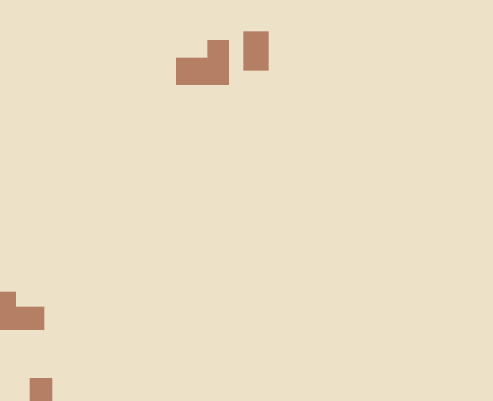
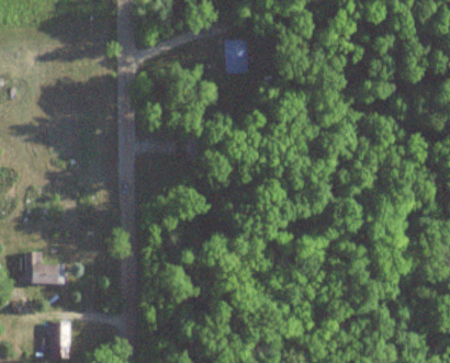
building: [176,39,229,86] -> none

